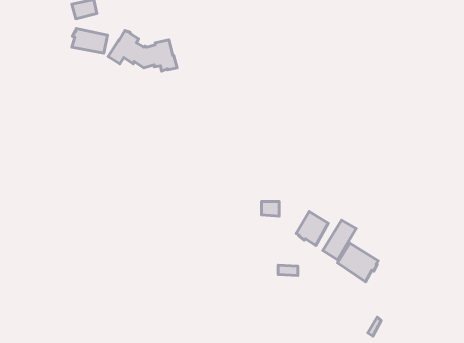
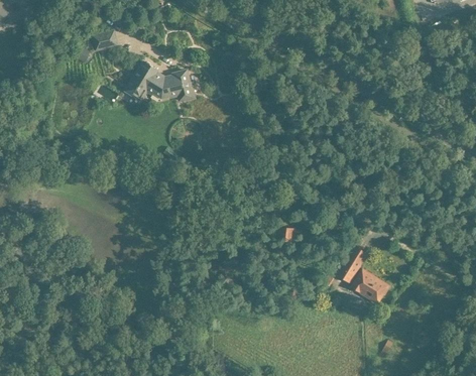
building: [72,28,108,53] -> none
building: [296,212,328,246] -> none

